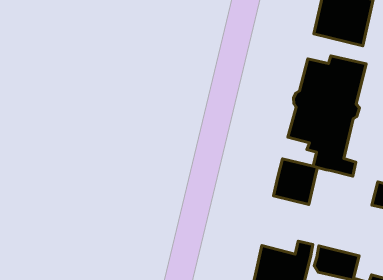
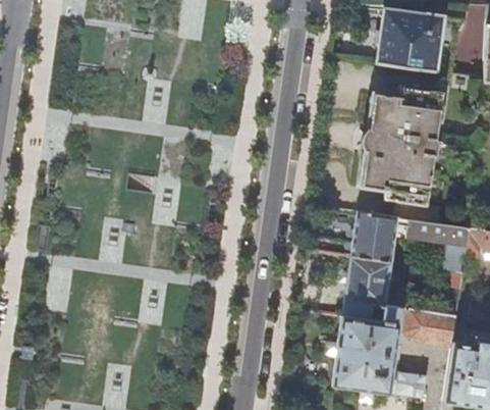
building: none -> [405,220,470,273]
building: none -> [342,256,392,321]

